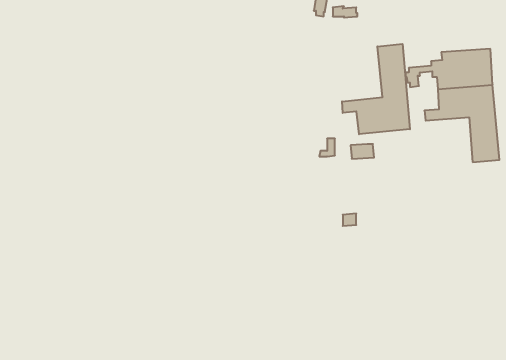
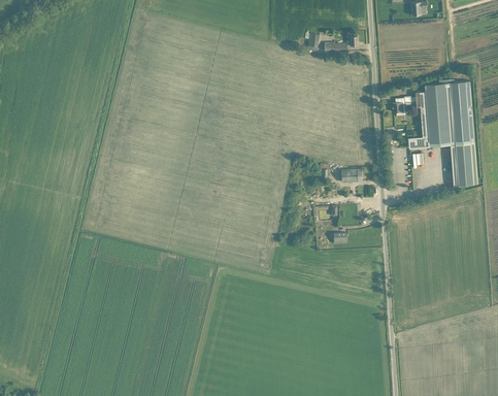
building: [342,44,410,134] -> none

